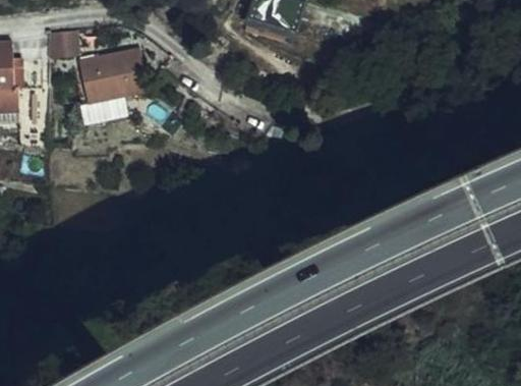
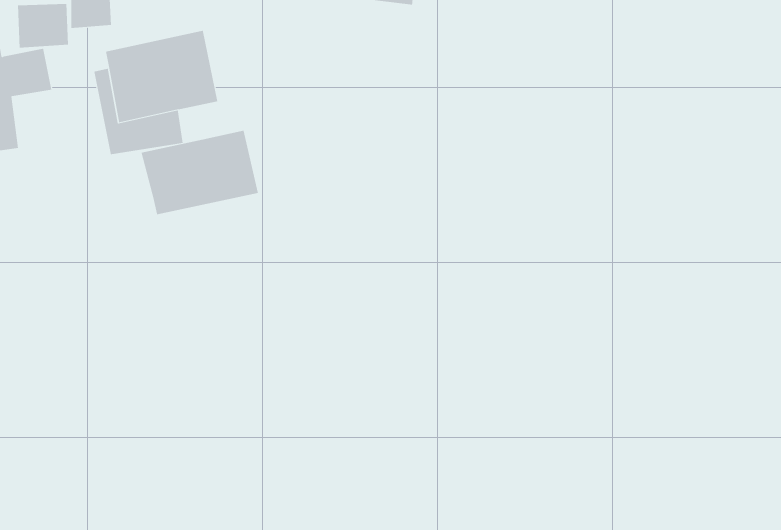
building: none -> [141,130,258,215]

